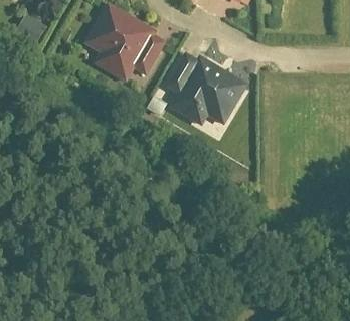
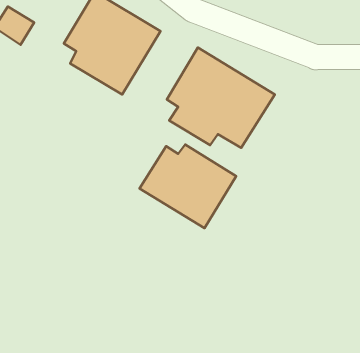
building: none -> [140,145,236,228]

